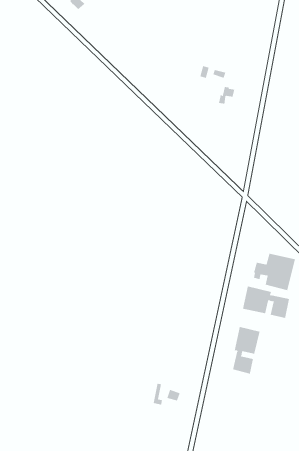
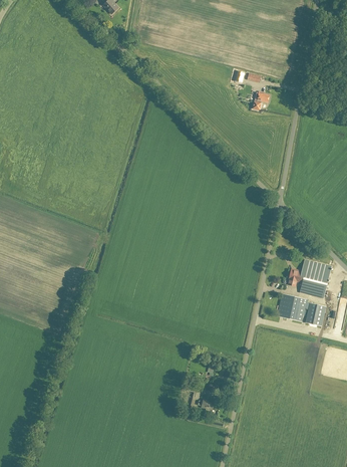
building: [232,326,260,374] -> none

